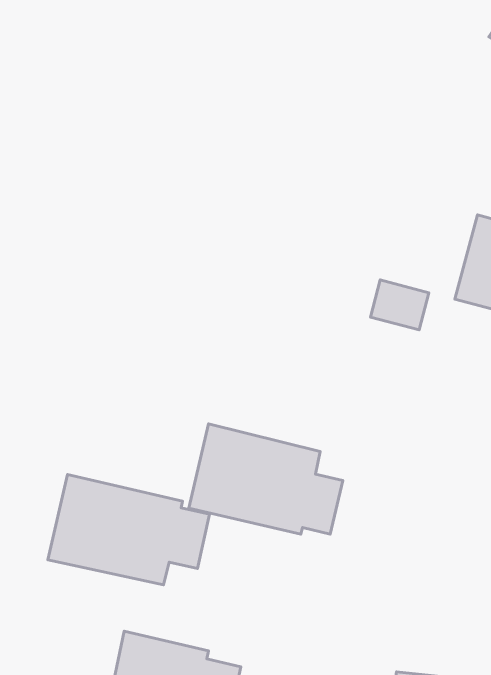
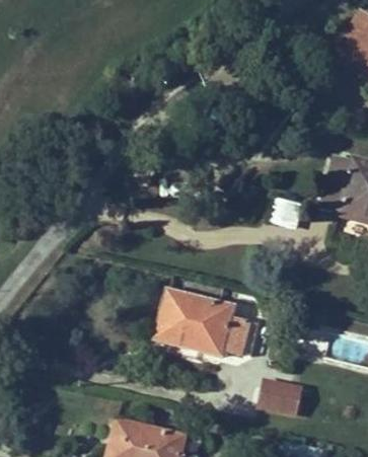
building: [48,475,210,585] -> none
building: none -> [259,380,302,416]

